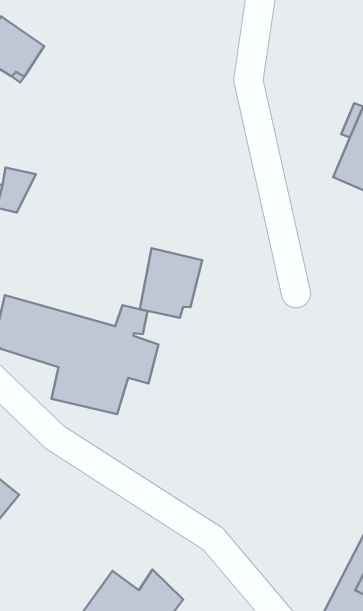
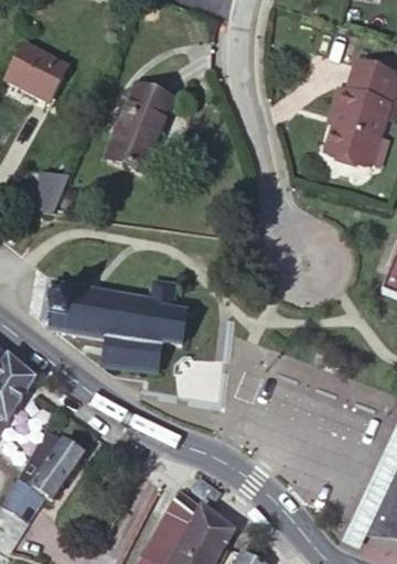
building: none -> [107,82,178,174]
building: [140,248,202,318] -> none

